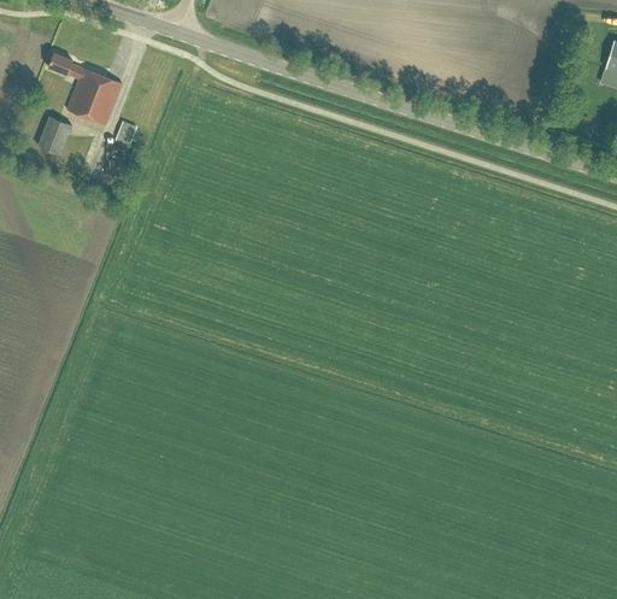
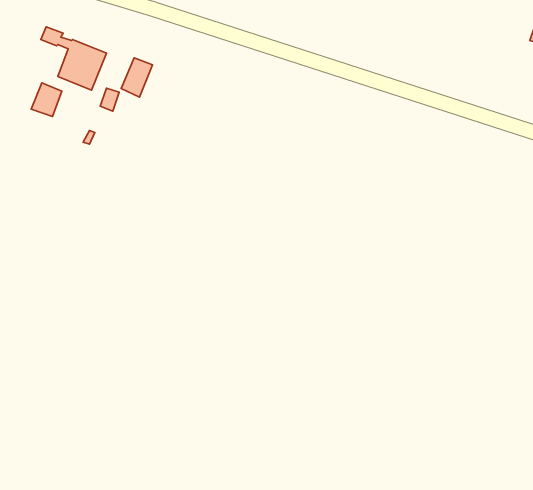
building: none -> [121,58,153,97]

